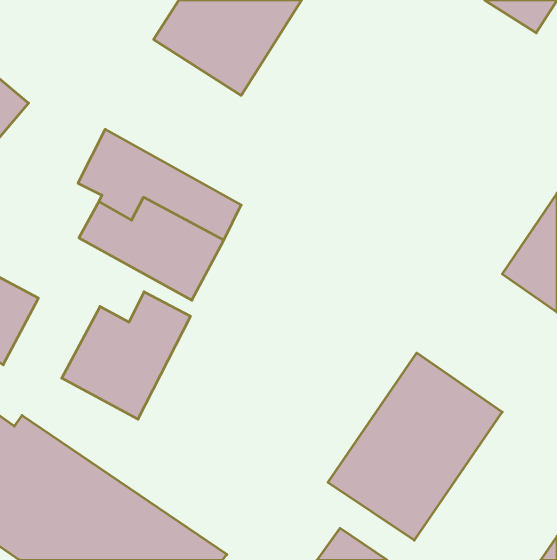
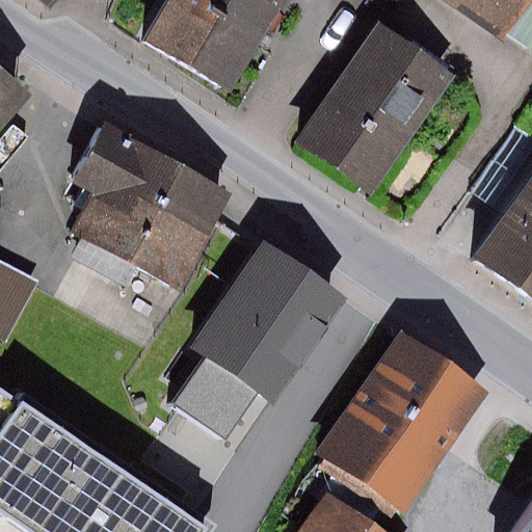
building: none -> [300,25,455,188]
building: none -> [169,243,345,442]
building: [62,292,190,419] -> none

